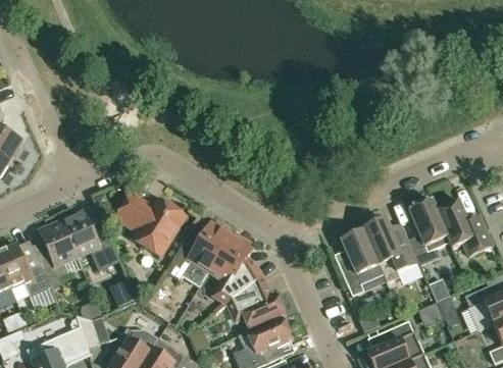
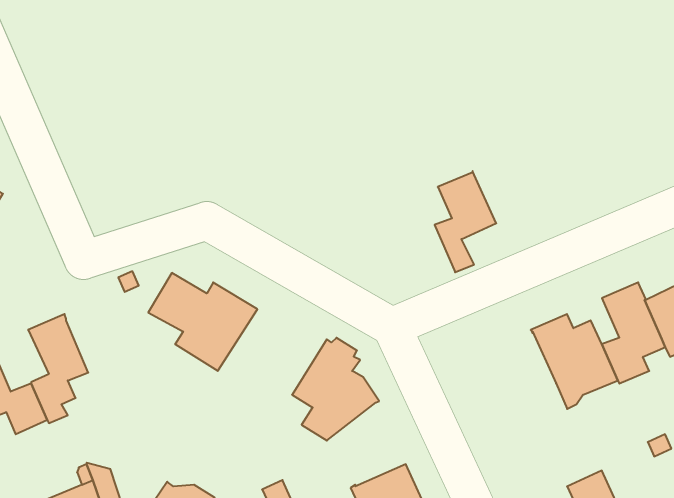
building: [62,214,118,270] -> none
building: [165,222,231,285] -> none
building: [339,231,379,297] -> [435,171,496,272]
building: [228,277,286,331] -> none

